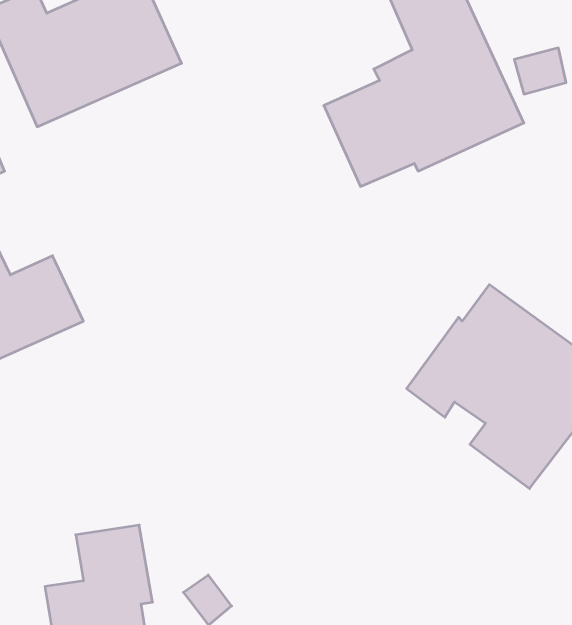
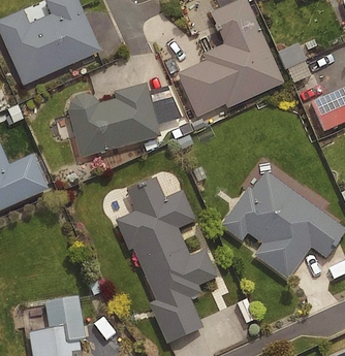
building: none -> [67,83,160,158]
building: none -> [115,176,216,344]

